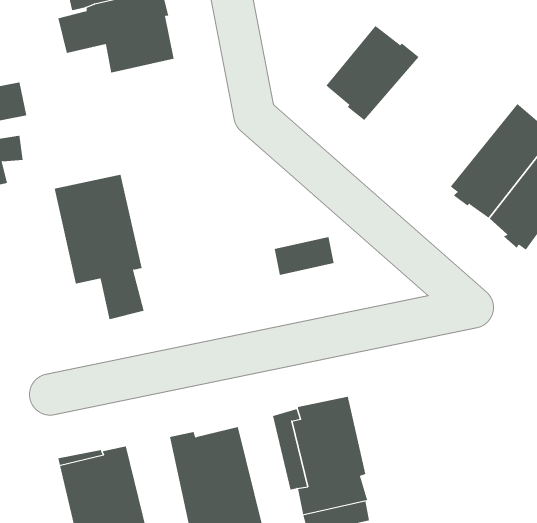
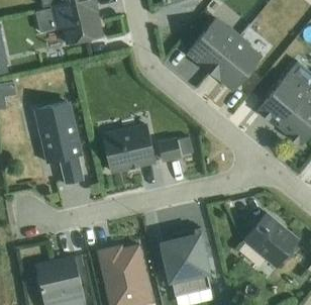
building: none -> [209,34,263,89]
building: none -> [102,125,154,171]
building: none -> [242,212,298,267]

